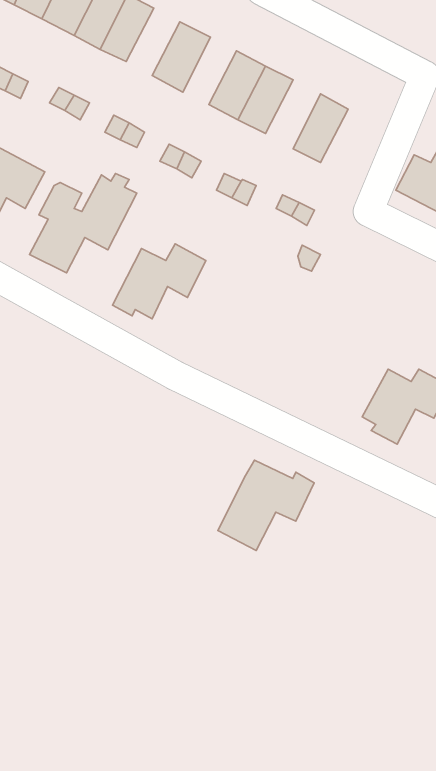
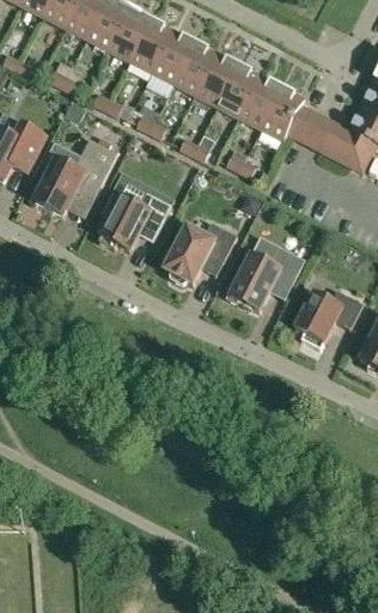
building: none -> [109,8,151,61]
building: none -> [153,31,195,84]
building: none -> [218,65,261,119]
building: none -> [261,87,315,141]
building: none -> [164,223,237,285]
building: [218,460,314,550] -> [228,242,304,312]

